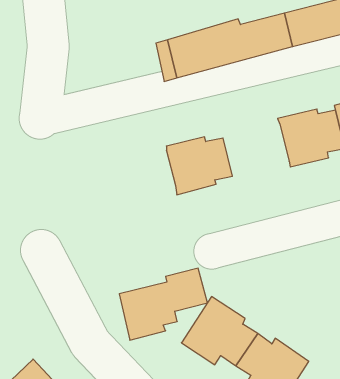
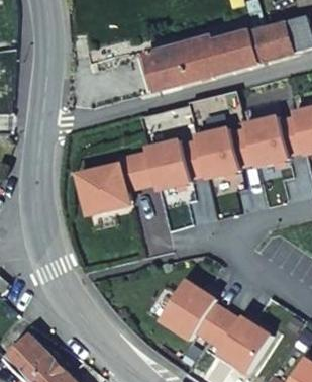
building: none -> [195,128,253,179]
building: [119,268,207,340] -> [78,153,154,215]

